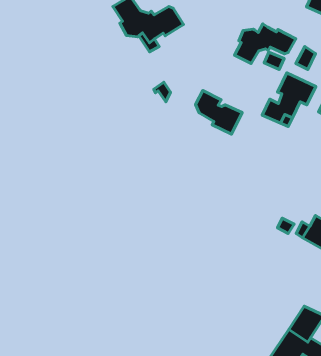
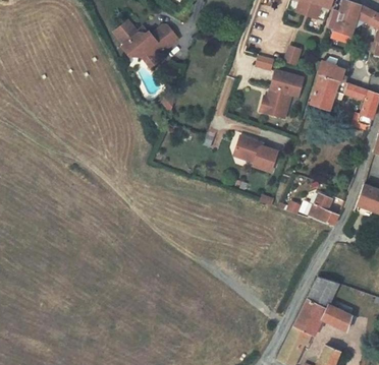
building: [234,24,296,64] -> none
building: [196,91,242,134] -> [234,135,277,171]

